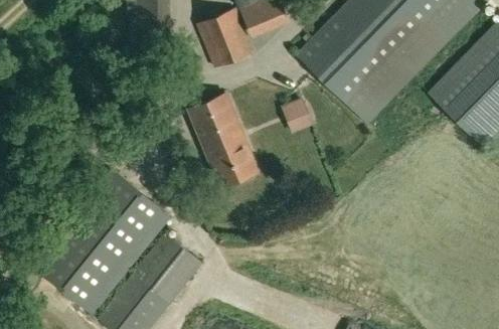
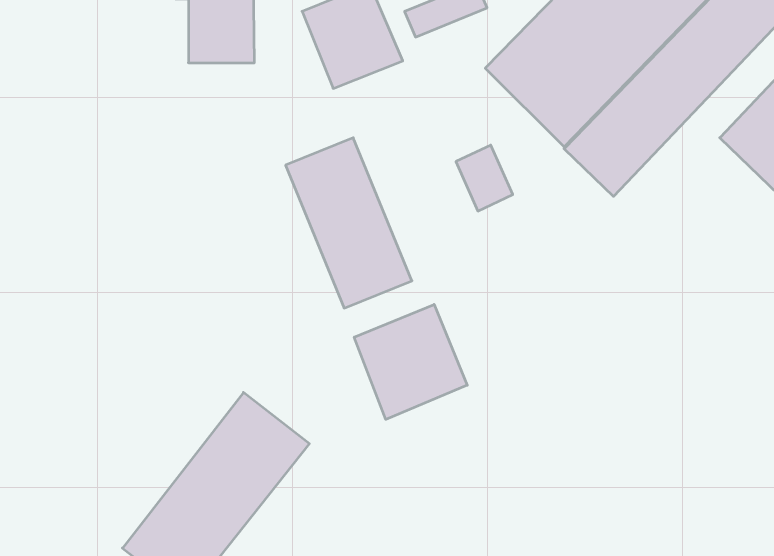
building: [49,182,169,311] -> none
building: none -> [354,304,467,419]

